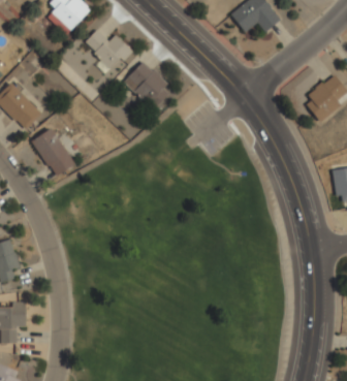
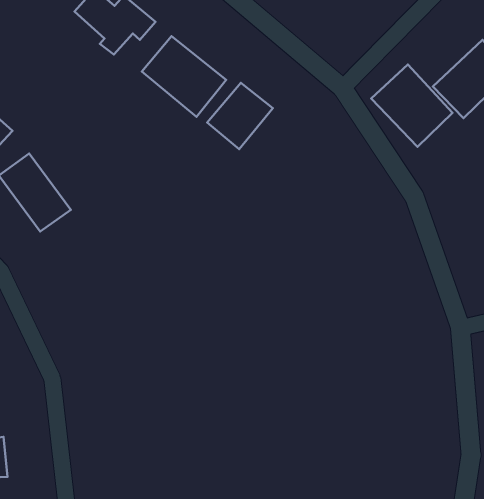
building: none -> [371,64,453,147]
building: none -> [207,83,273,149]

